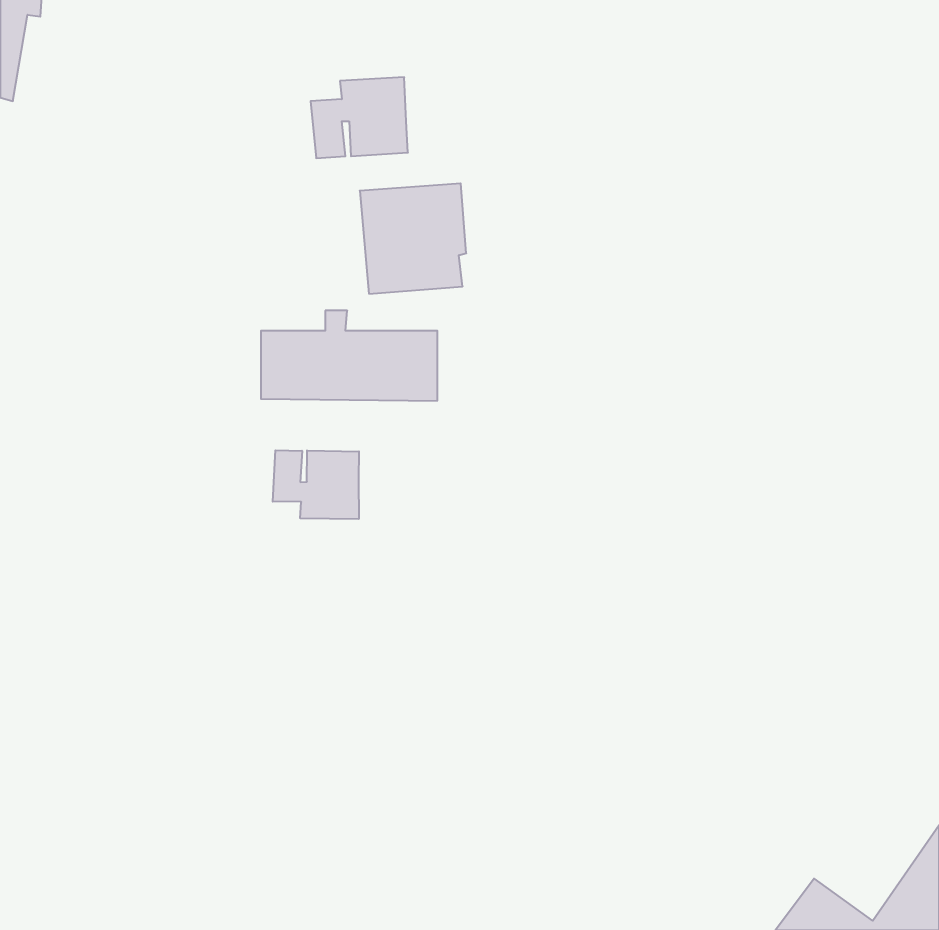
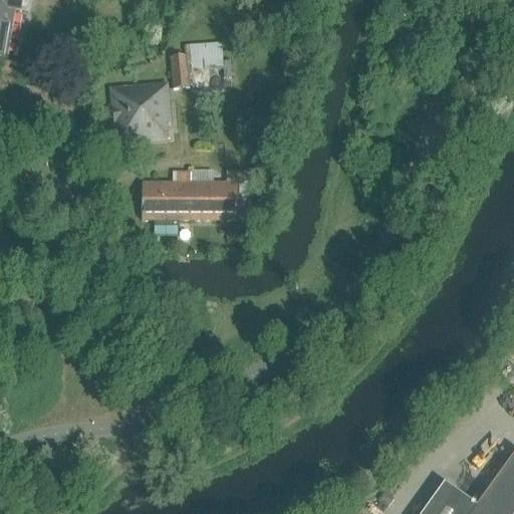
building: [360,183,466,294] -> [110,82,169,143]
building: [273,450,359,519] -> none

